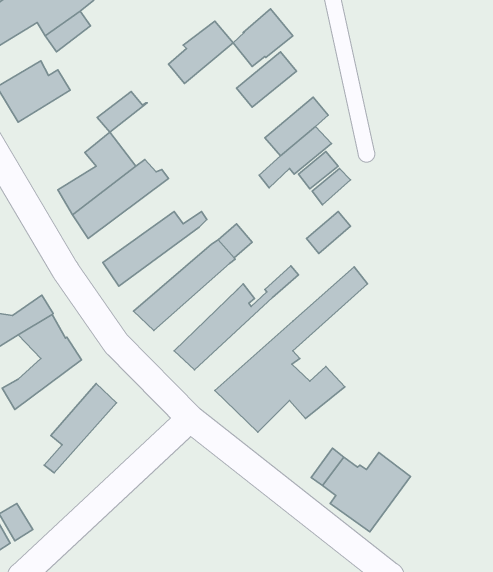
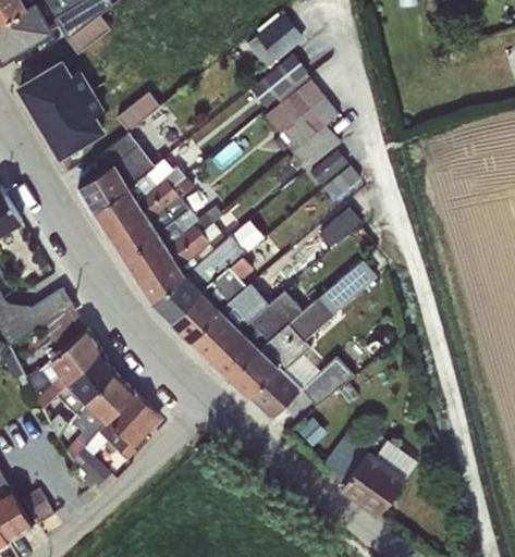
building: [169,21,233,84] -> [261,77,323,137]
building: none -> [39,91,101,157]
building: none -> [107,176,193,257]
building: none -> [136,223,225,304]
building: none -> [170,258,253,342]
building: none -> [209,290,304,380]
building: none -> [36,350,114,440]
building: none -> [70,392,157,490]

